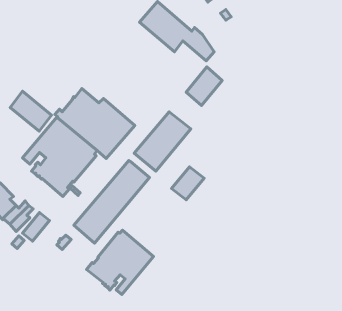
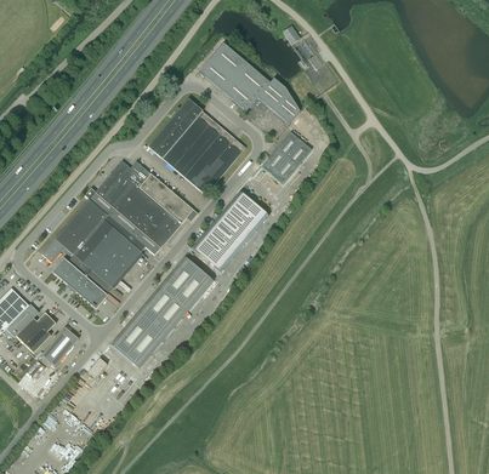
building: none -> [149,98,246,194]
building: [10,91,51,131] -> none
building: [172,167,204,200] -> none
building: [86,230,153,294] -> none

